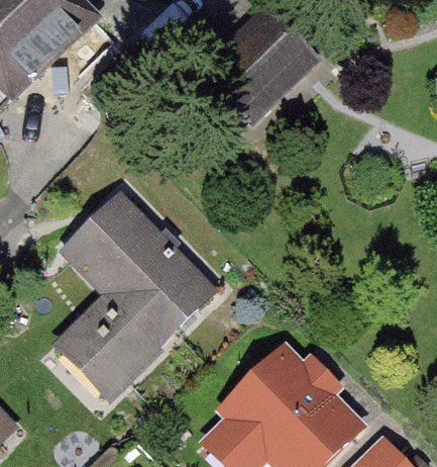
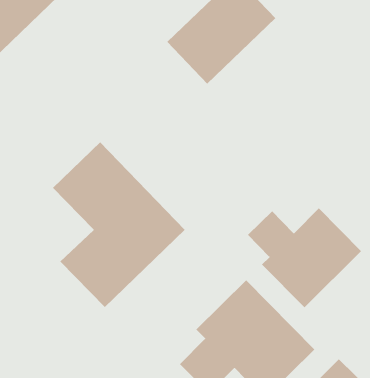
building: none -> [247,208,362,308]

